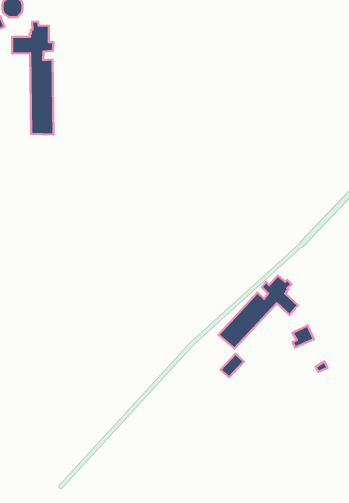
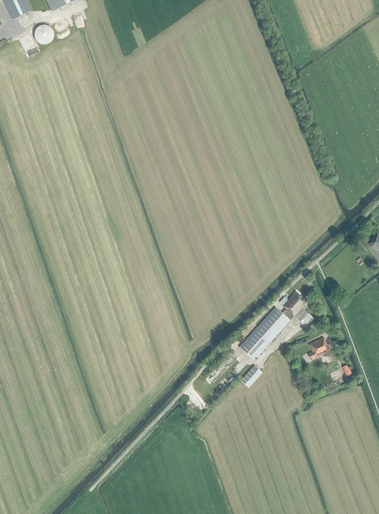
building: [12,22,53,134] -> none

